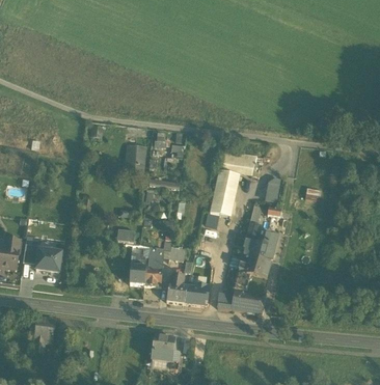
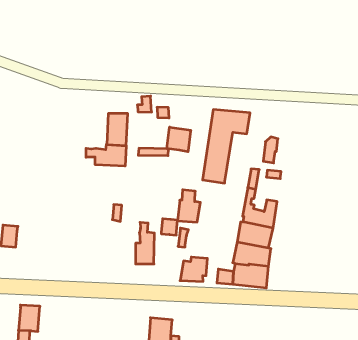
building: none -> [167,127,191,152]
building: none -> [86,144,126,166]
building: [35,248,61,271] -> none
building: [130,251,150,284] -> none
building: [166,272,188,302] -> [178,190,200,222]

